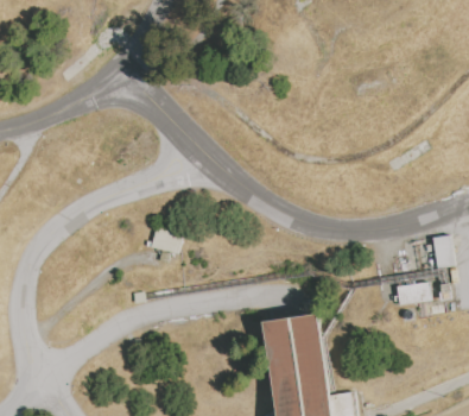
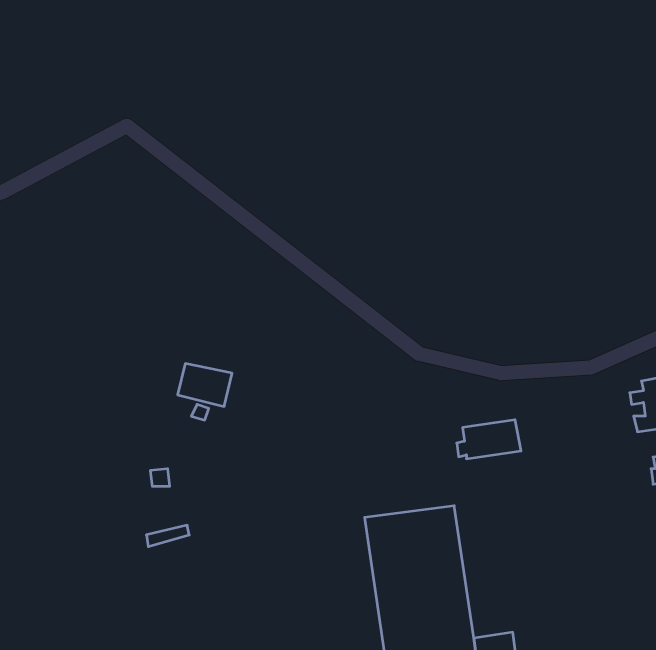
building: [391,282,430,305] -> [457,420,521,459]

